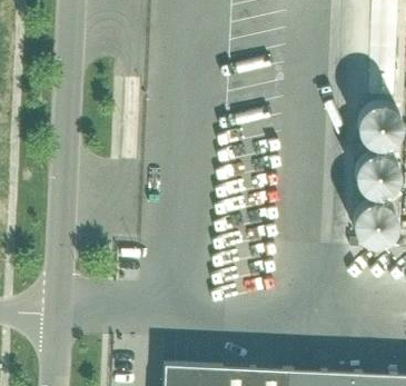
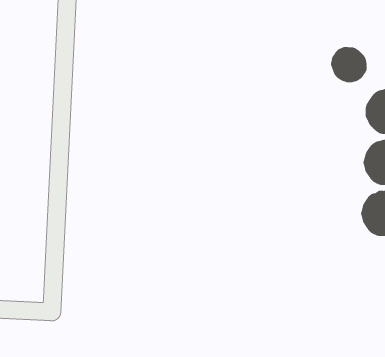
building: none -> [330,46,367,83]

